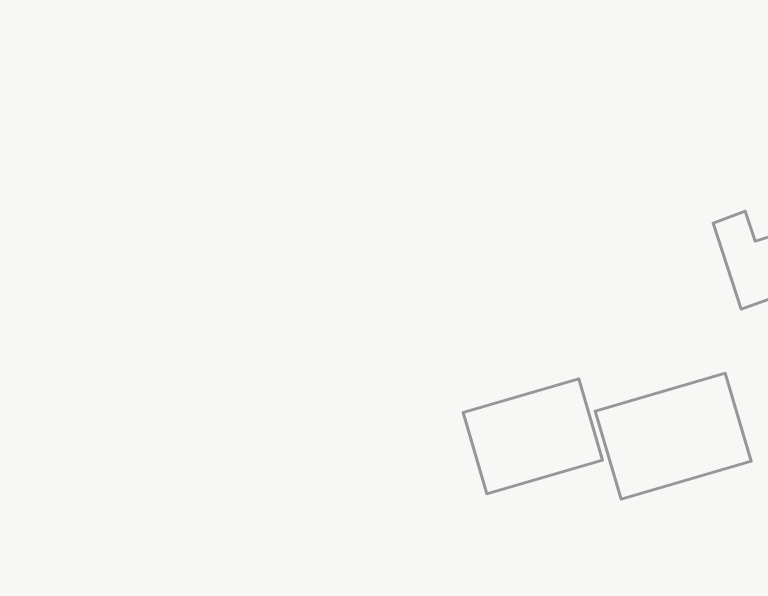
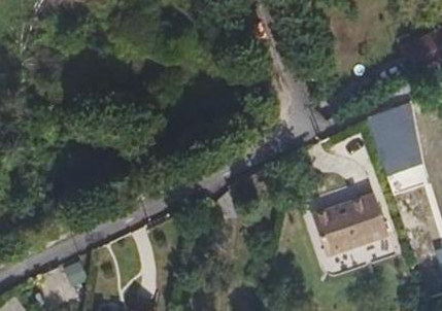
building: [463,379,602,494] -> none

